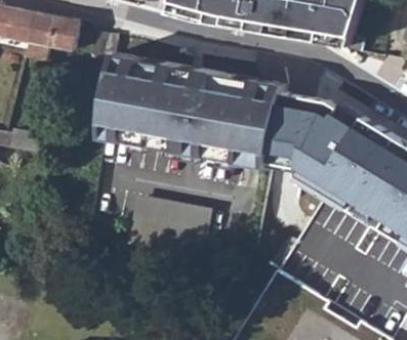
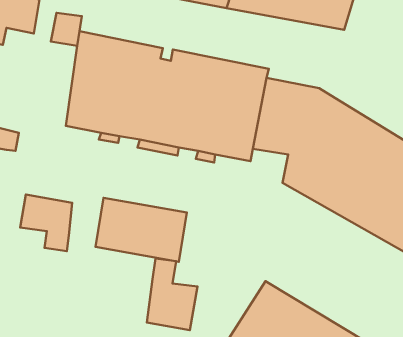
building: none -> [20,194,72,251]
building: none -> [147,259,198,330]

